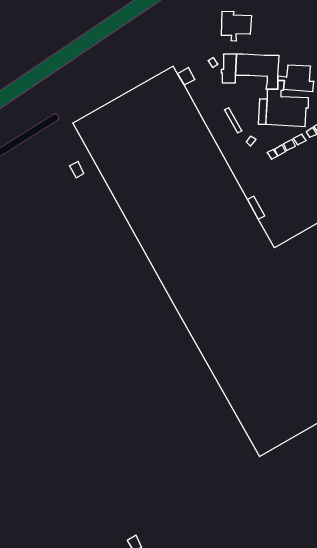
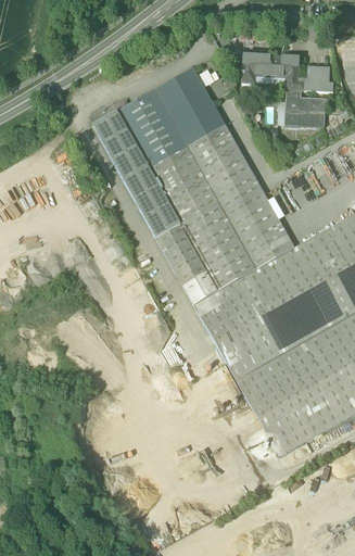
building: [221,11,251,41] -> none

